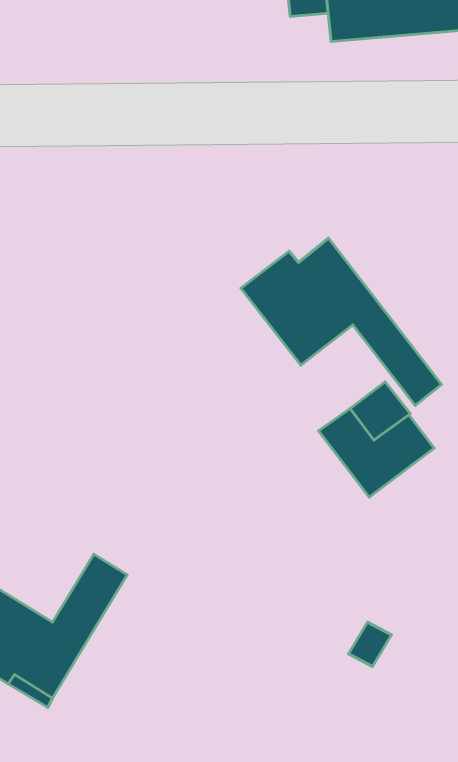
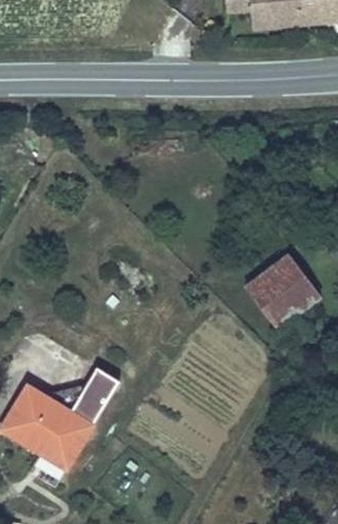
building: [241,238,442,406] -> none

